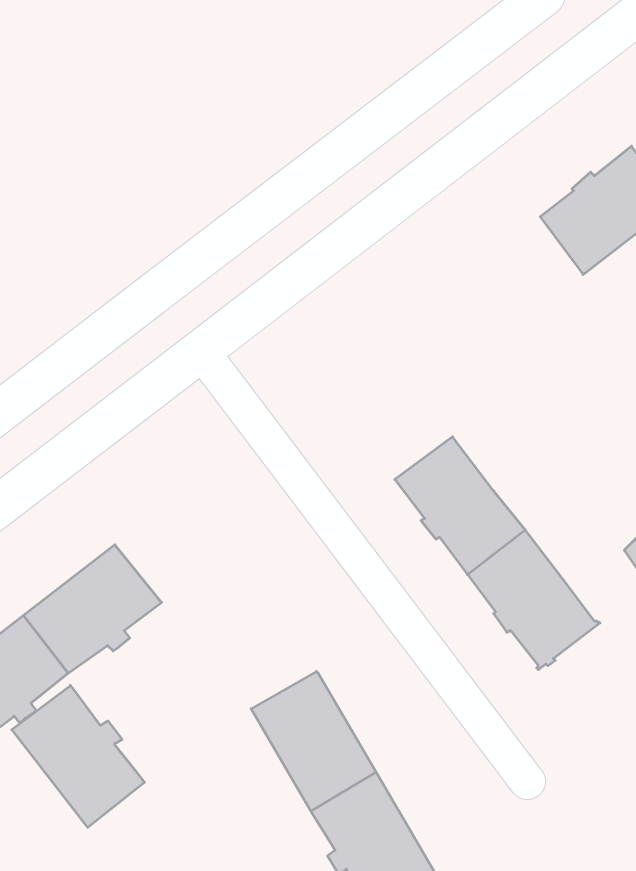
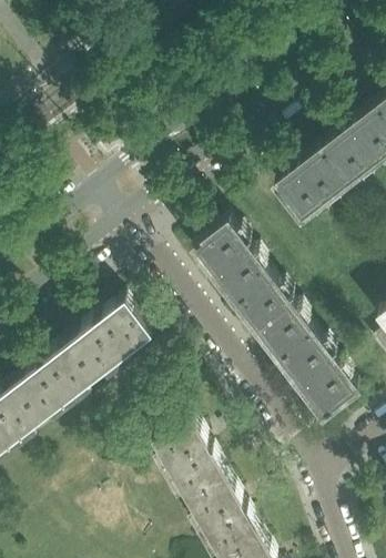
building: none -> [273,150,347,223]
building: none -> [191,224,270,306]
building: none -> [69,303,150,379]
building: [12,685,145,827] -> none

